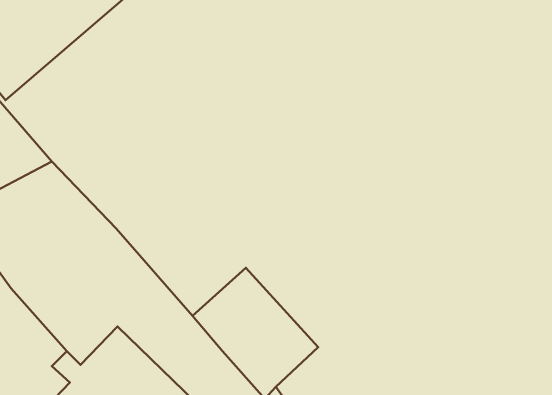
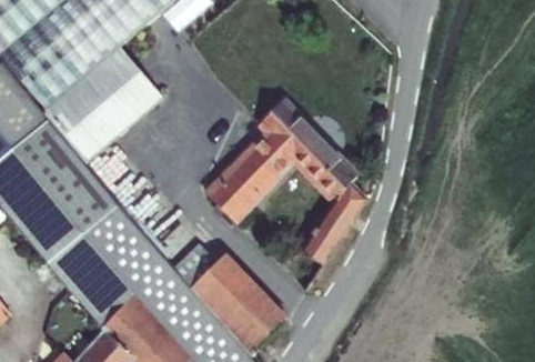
building: none -> [41,48,153,158]
building: none -> [205,103,361,265]

